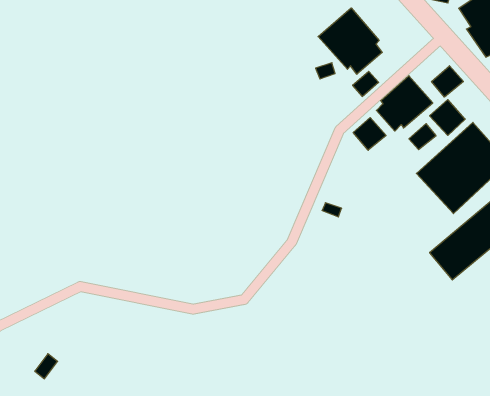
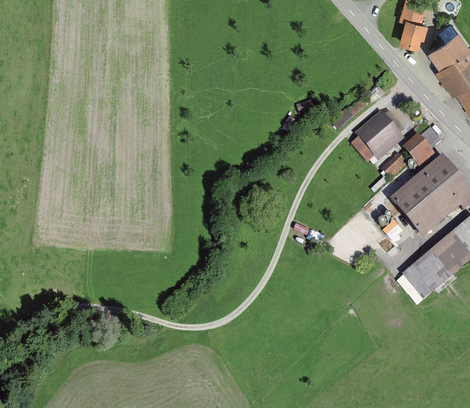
building: [318,8,382,74] -> none
building: [432,66,463,97] -> none
building: [353,118,386,150] -> none

